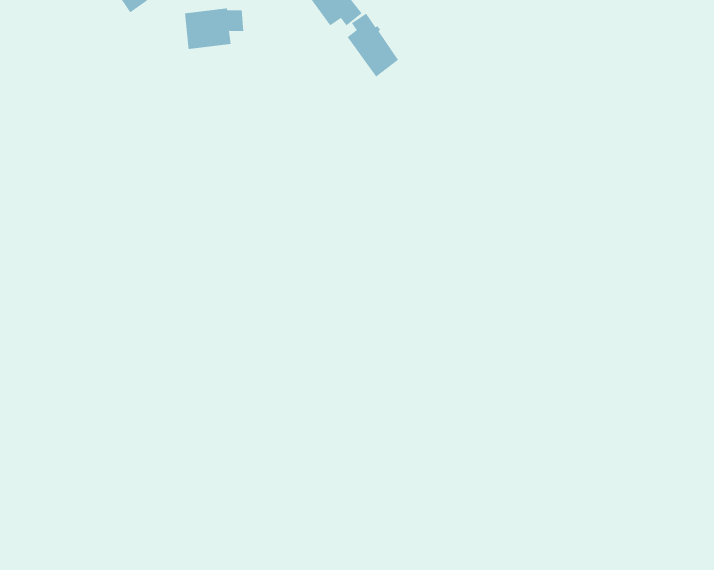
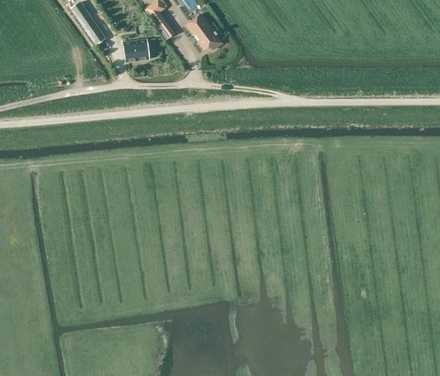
building: [347,13,399,78] -> none

